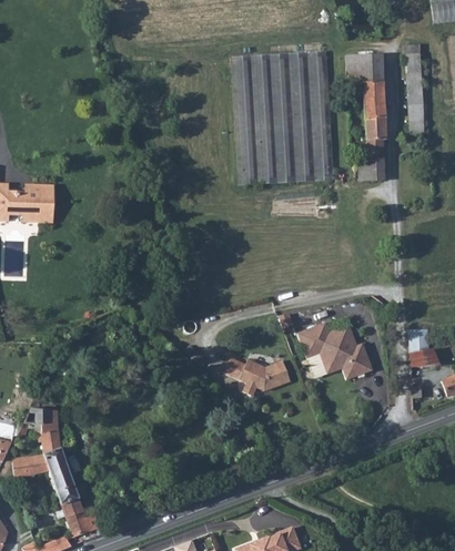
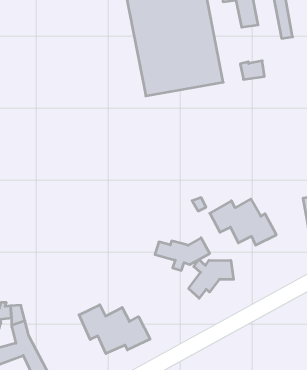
building: [364,118,386,162] -> none
building: none -> [189,260,234,298]
building: none -> [79,305,150,354]

